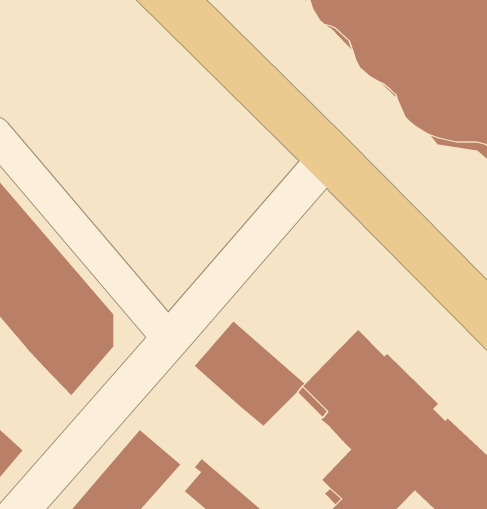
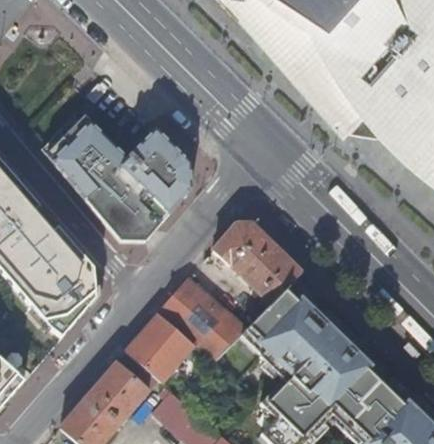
building: none -> [42,109,191,242]
building: none -> [214,224,301,303]
building: none -> [126,314,195,383]

